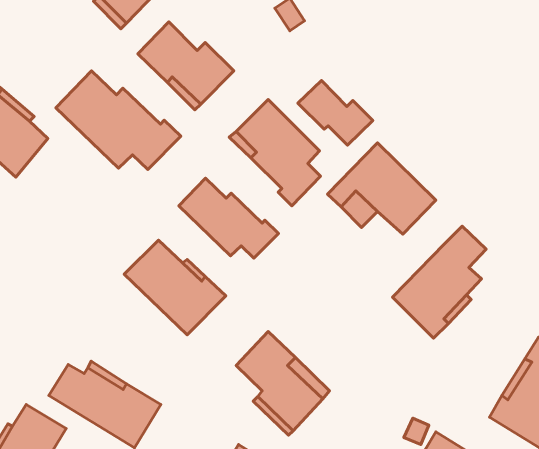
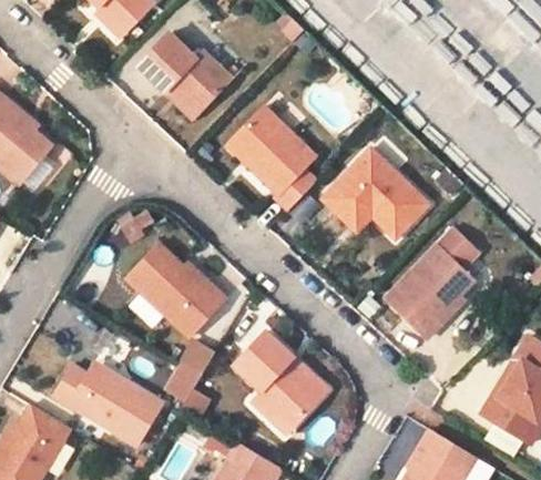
building: [56,71,181,169] -> none
building: [298,80,373,145] -> none
building: [179,178,279,258] -> none
building: none -> [162,336,213,412]

